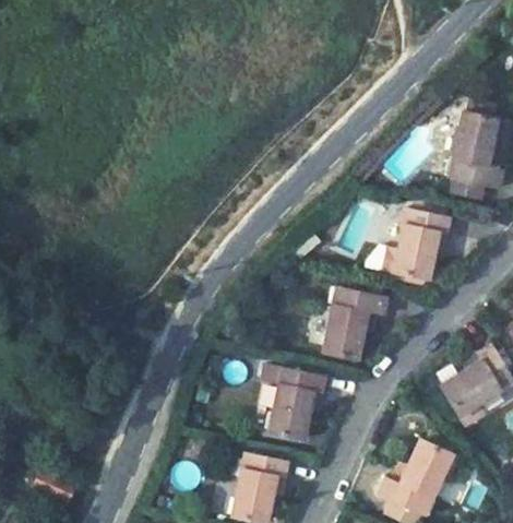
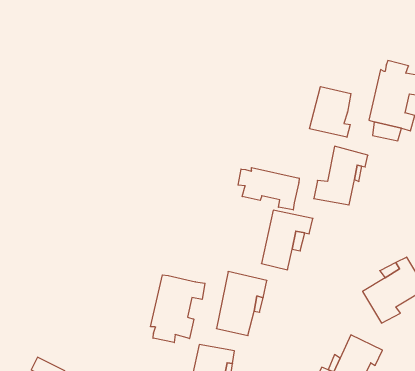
building: none -> [310,87,351,137]
building: none -> [238,168,299,210]
building: none -> [151,275,205,343]

